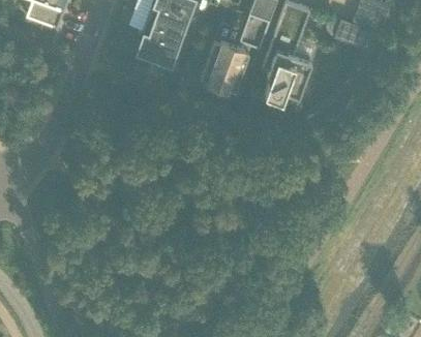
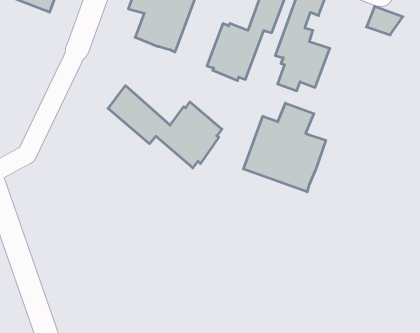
building: none -> [108,86,222,168]
building: none -> [243,103,326,192]

